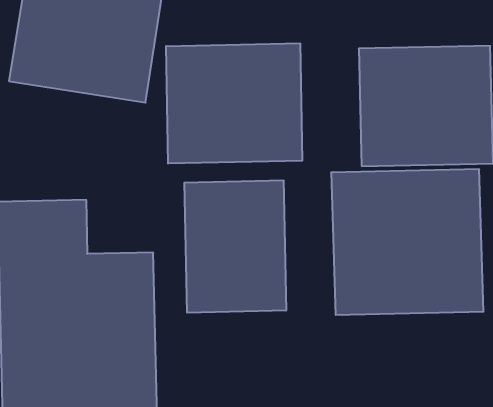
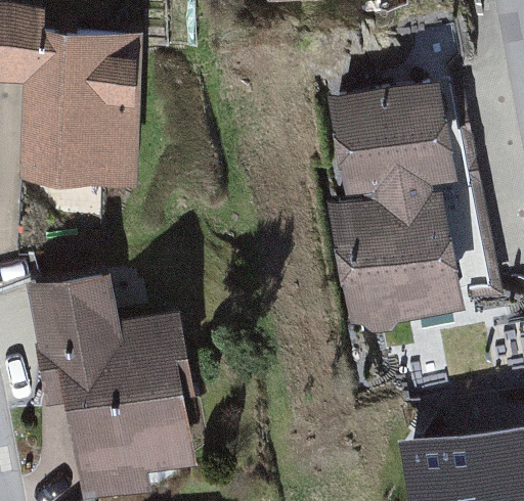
building: [166,43,302,164] -> none
building: [184,180,286,313] -> none

